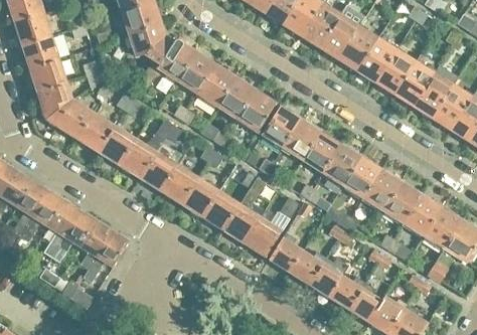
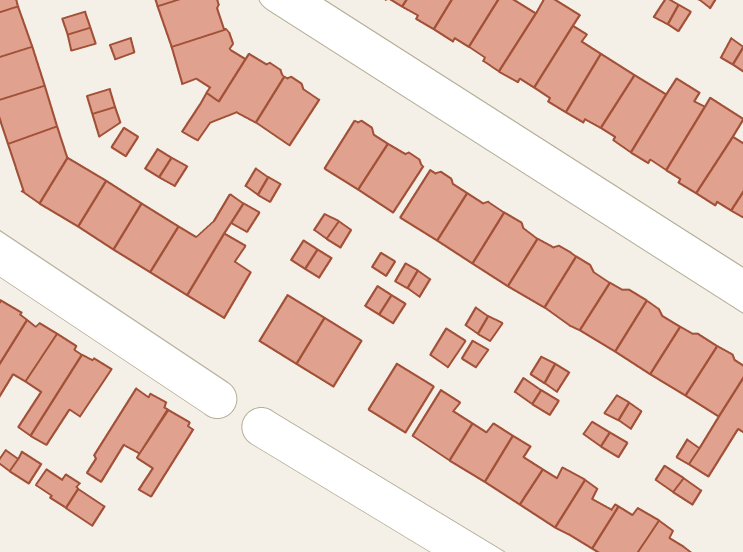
building: [198,65,235,105] -> none
building: [161,164,197,203] -> none
building: [223,203,260,242] -> none
building: [78,219,111,269] -> [137,410,193,496]

